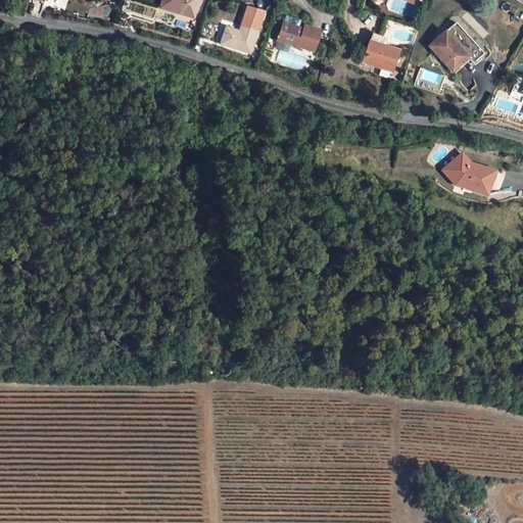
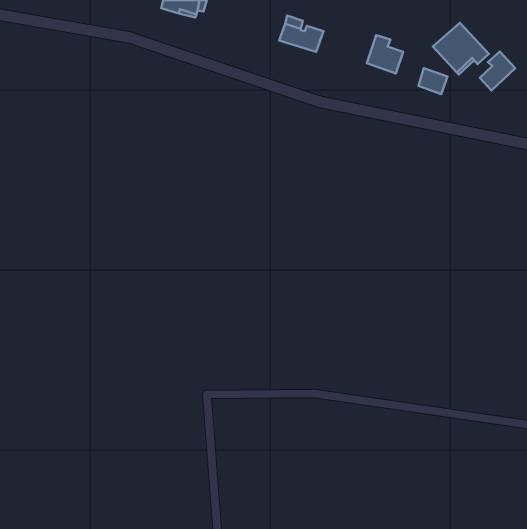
building: [221,8,263,53] -> none
building: none -> [480,52,515,90]
building: [442,153,493,194] -> none

